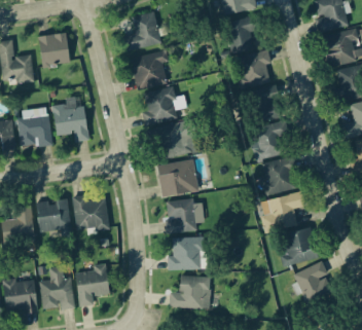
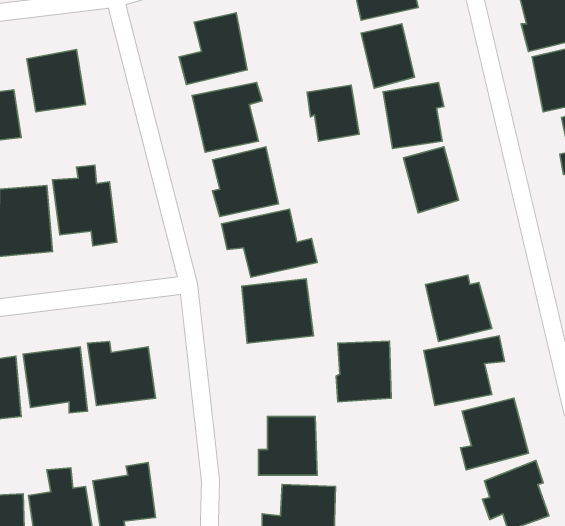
building: none -> [307,85,359,141]
building: [249,125,286,161] -> none
building: [166,199,196,233] -> [336,341,391,402]

